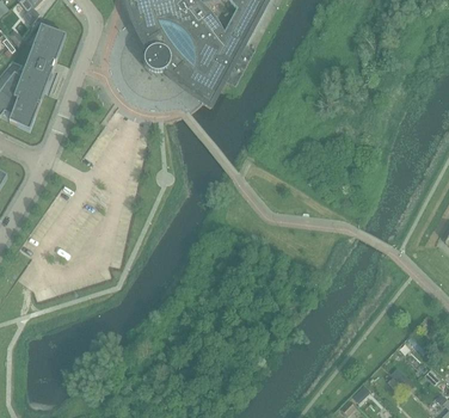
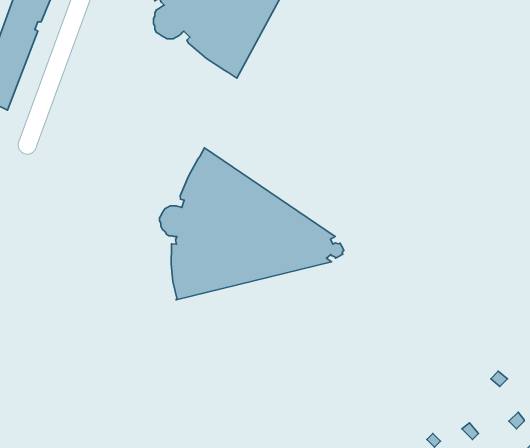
building: none -> [159,148,344,300]

